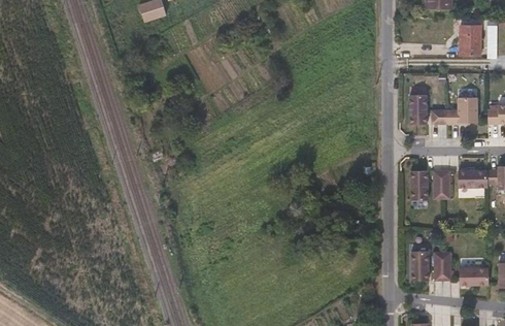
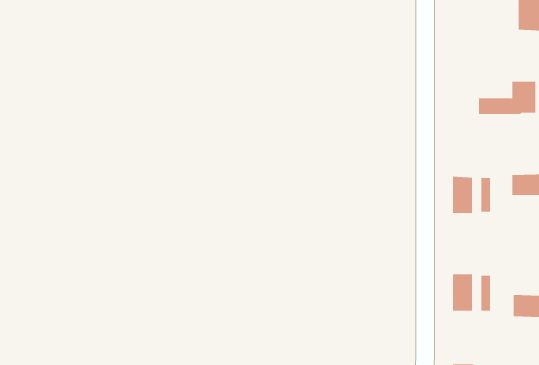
building: [409,93,427,122] -> none

